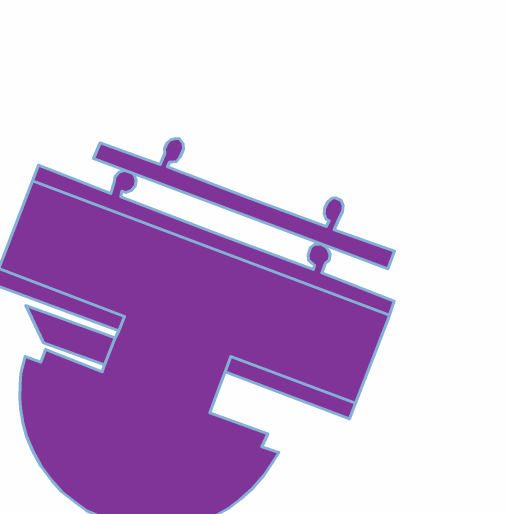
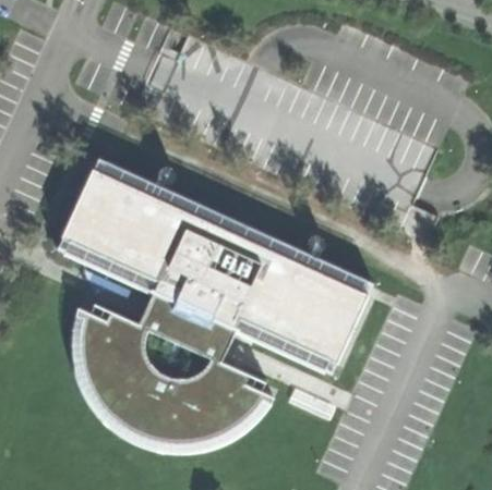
building: [94,138,394,269] -> none

